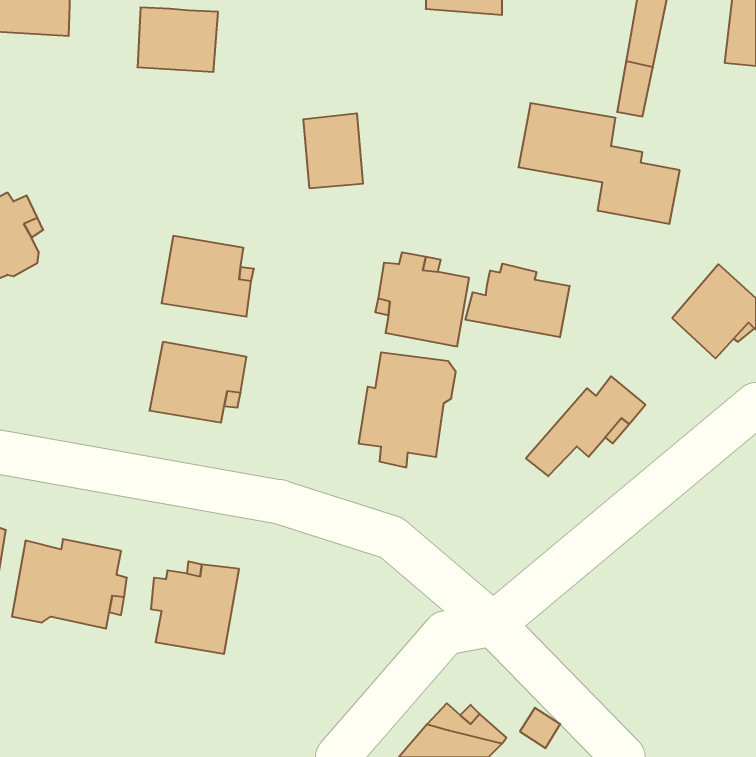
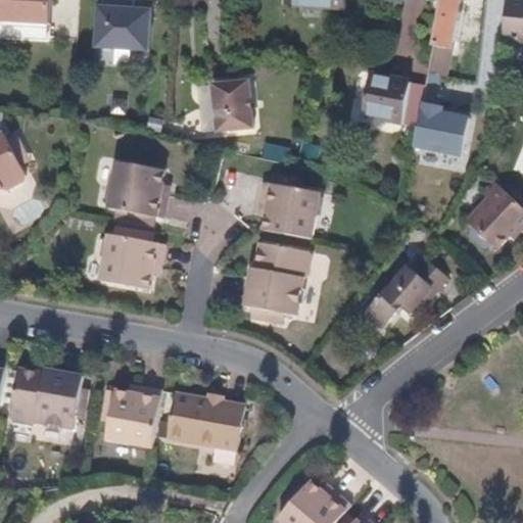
building: [465,264,570,337] -> none
building: none -> [168,392,245,449]

